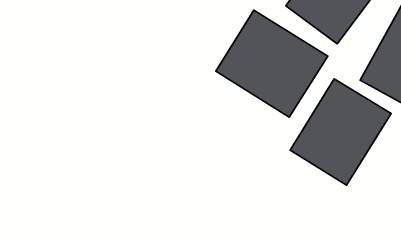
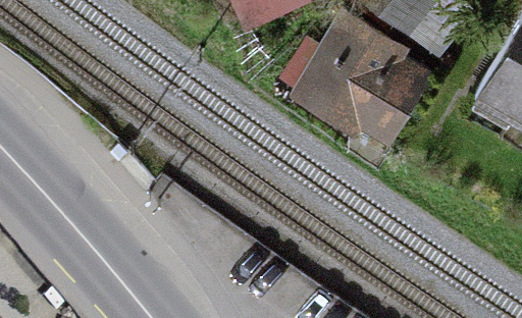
building: [290,79,391,185] -> none

